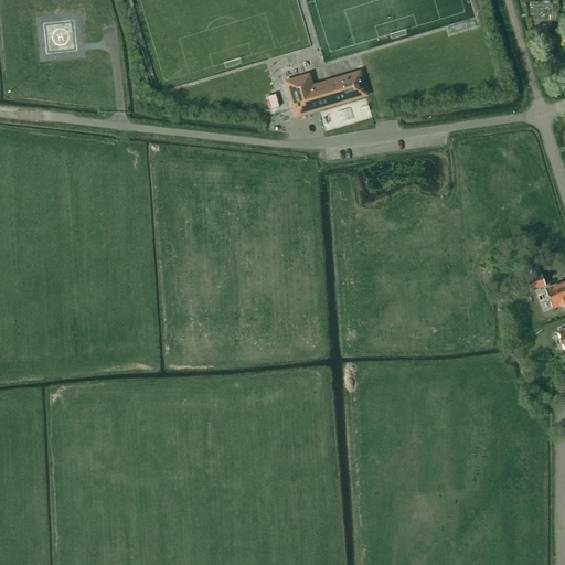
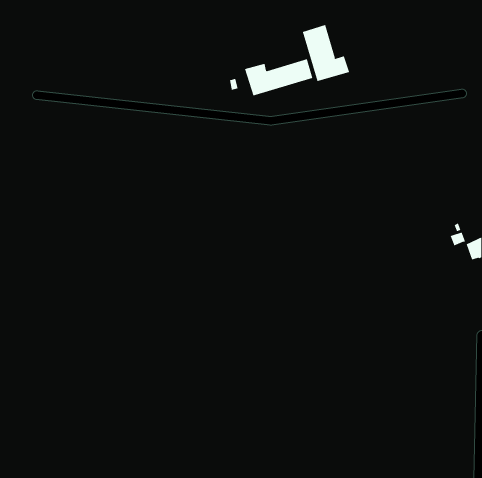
building: none -> [302,24,350,82]

